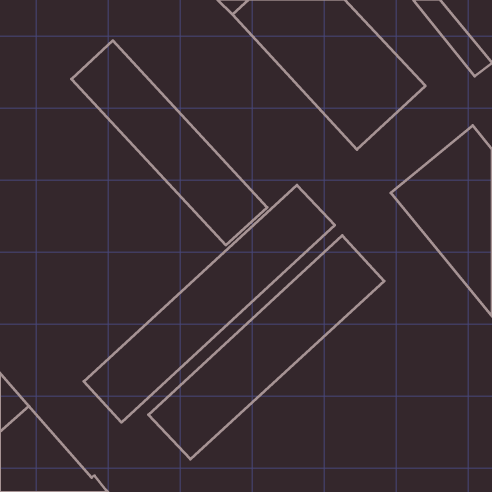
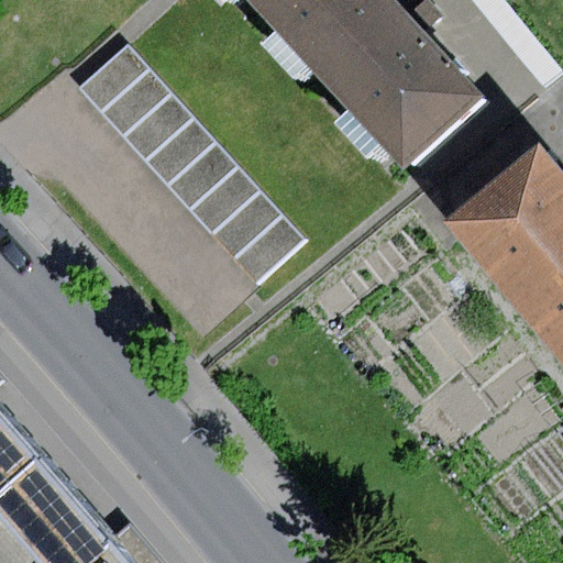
building: [84,185,335,422] -> none
building: [148,235,384,459] -> none

